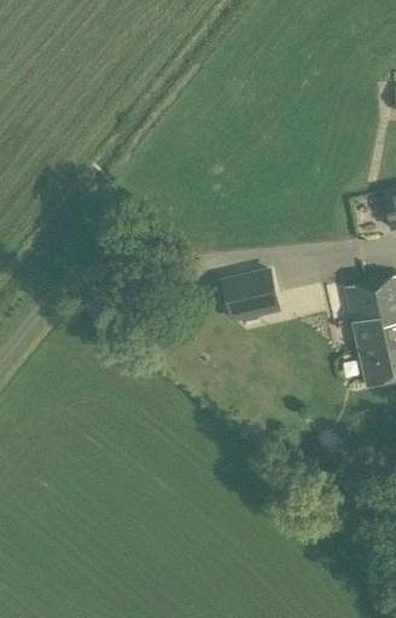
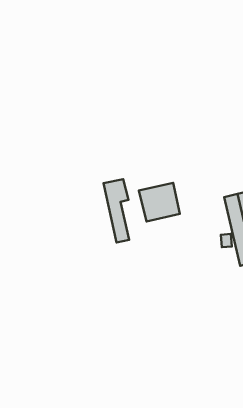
building: none -> [104,179,129,242]

